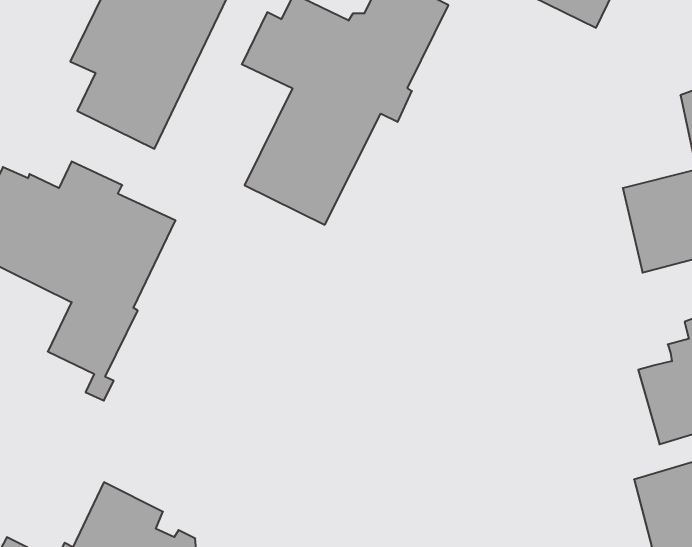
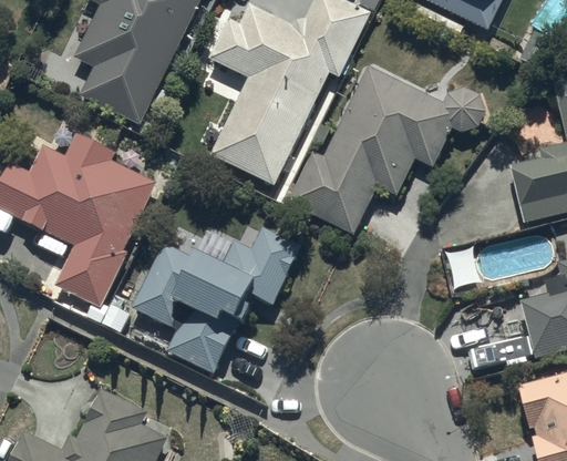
building: none -> [287,68,485,235]
building: none -> [132,227,300,373]

